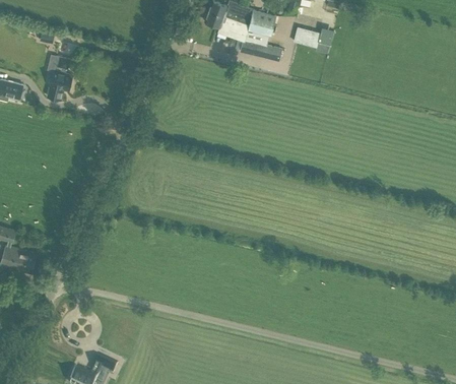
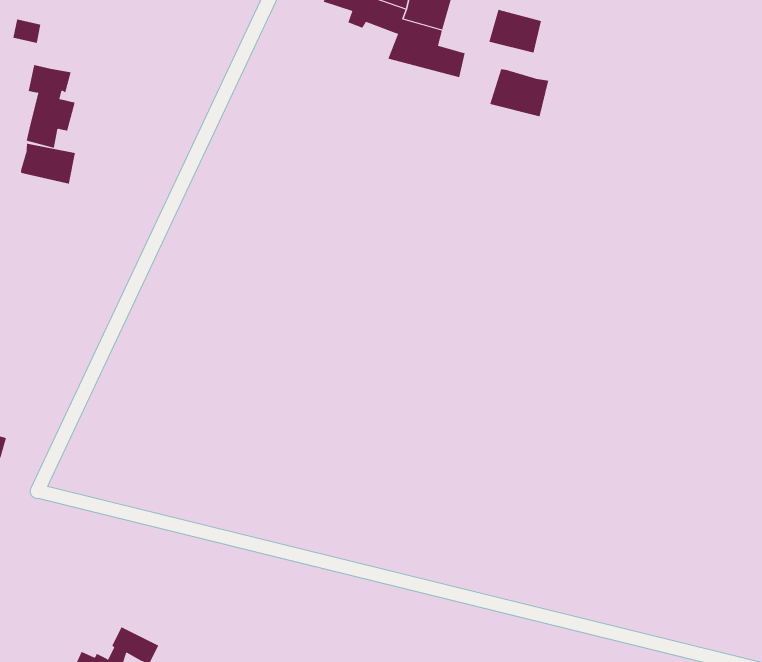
building: none -> [490,69,549,117]
building: none -> [21,143,76,185]

